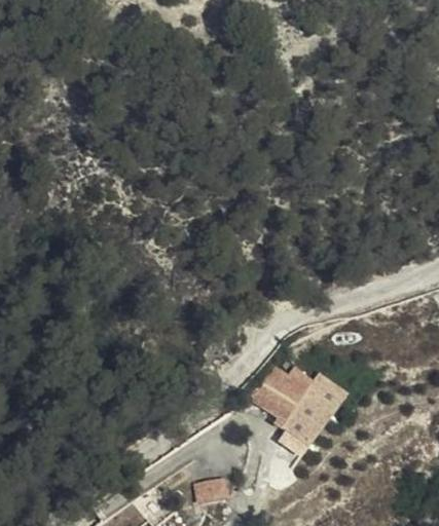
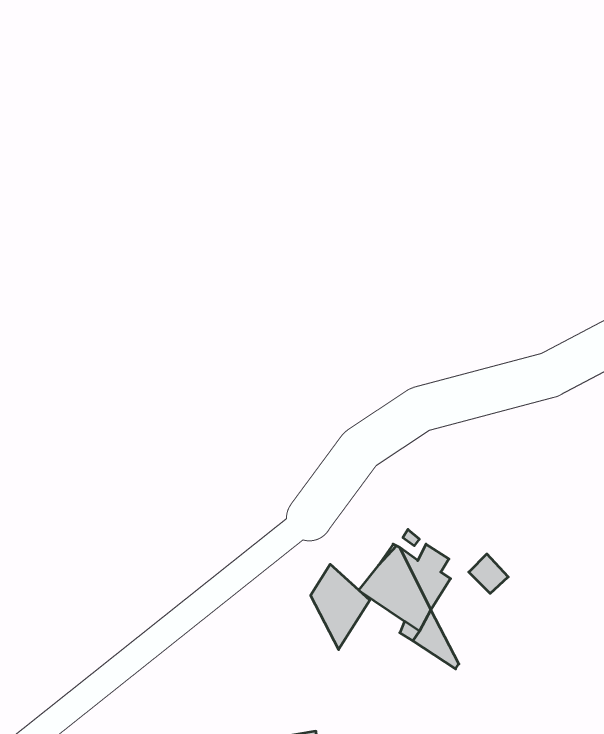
building: [294,397,331,450] -> [311,564,370,650]

